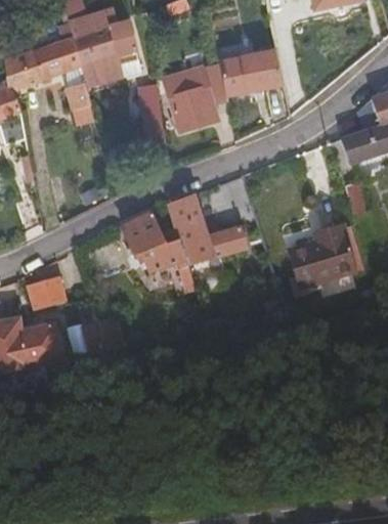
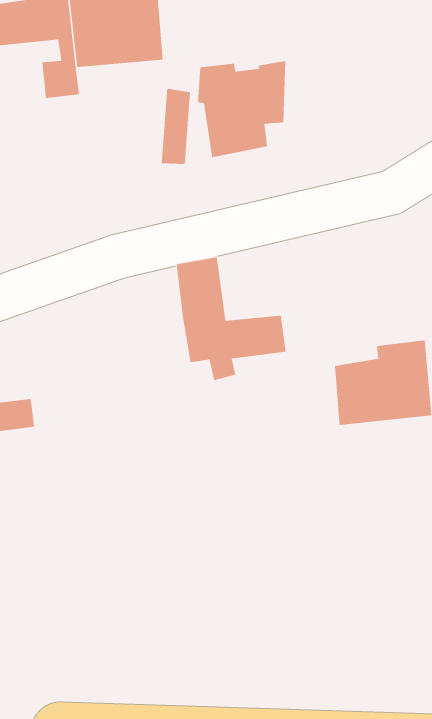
building: [221,47,284,91] -> none
building: [123,212,196,287] -> none

